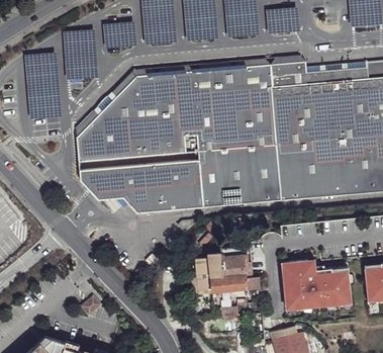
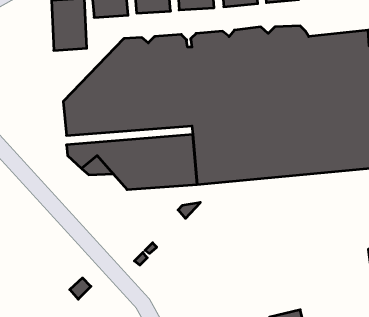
building: [24,53,61,119] -> none
building: [189,248,260,294] -> none
building: [282,261,353,310] -> none

